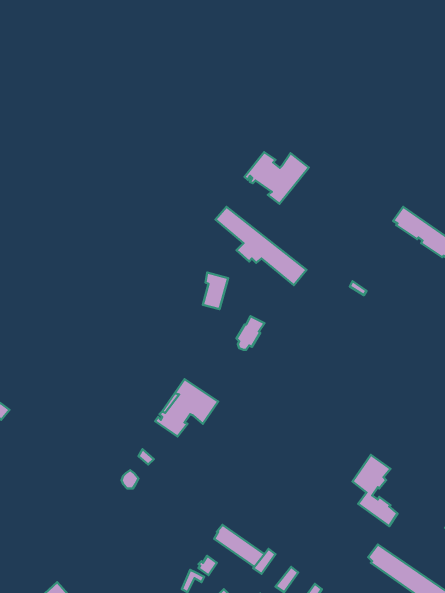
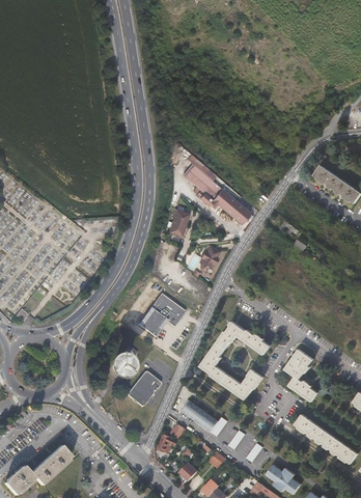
building: [245,152,309,204] -> none
building: none -> [198,322,268,400]
building: none -> [127,370,161,407]

